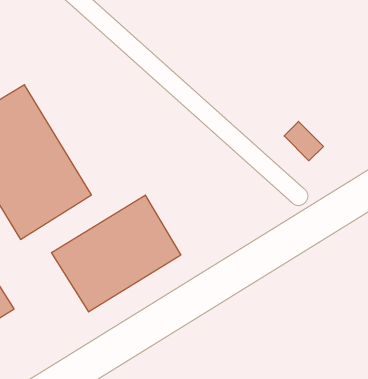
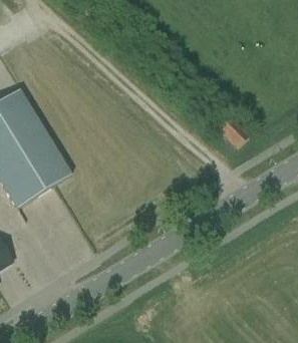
building: [52,195,181,312] -> none

